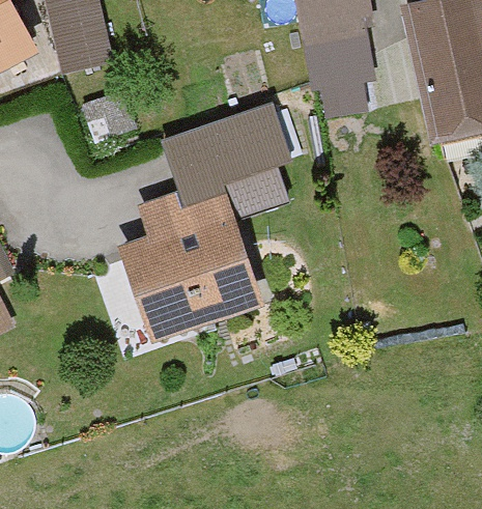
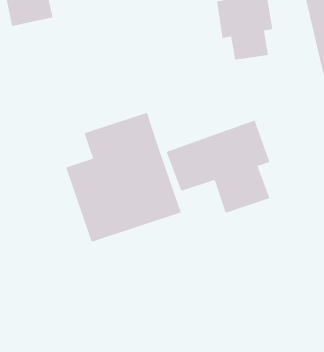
building: [160,102,289,218] -> [166,120,270,214]

